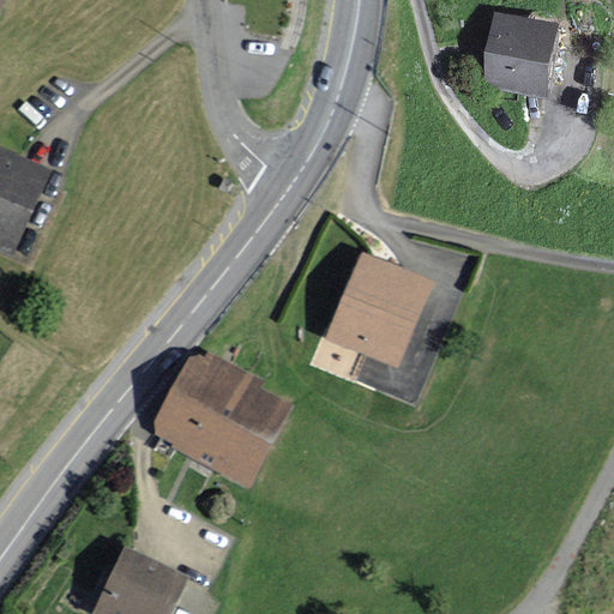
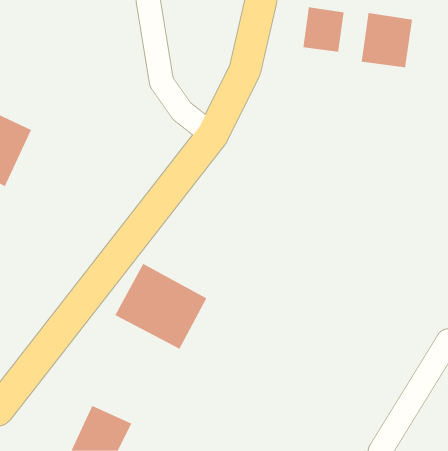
building: none -> [303,7,344,52]
building: [327,255,426,361] -> none

